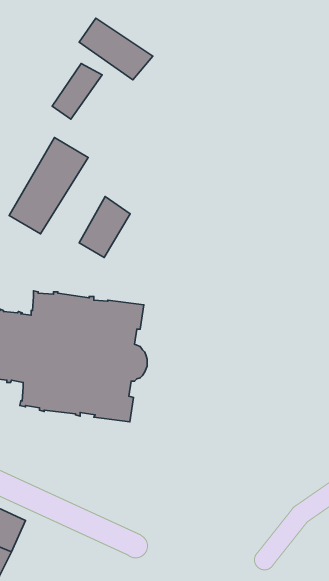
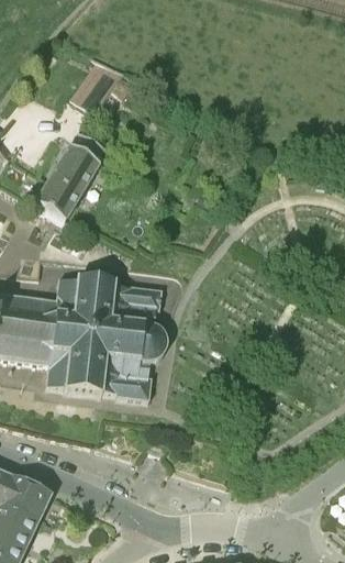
building: [79,18,153,80] -> none
building: [79,197,130,257] -> none

